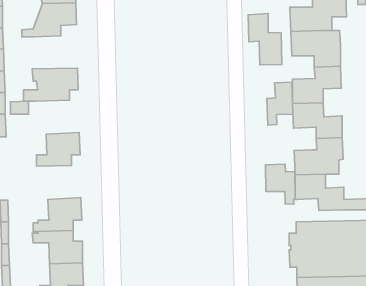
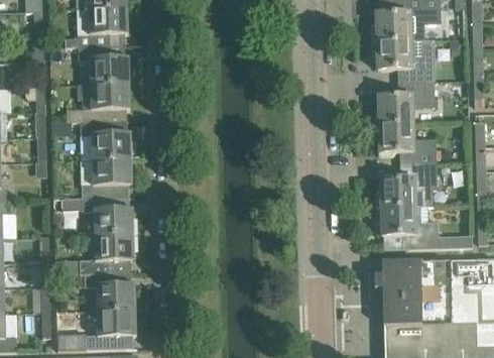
building: [248,14,282,65] -> none
building: none -> [77,45,129,84]
building: [267,82,293,125] -> none
building: none -> [80,120,131,159]
building: [266,164,295,204] -> none
building: none -> [73,196,133,235]

